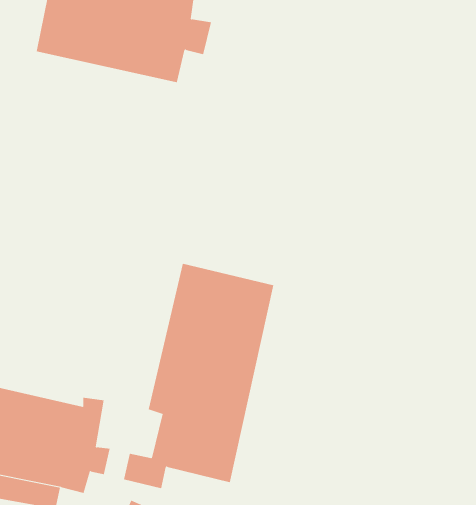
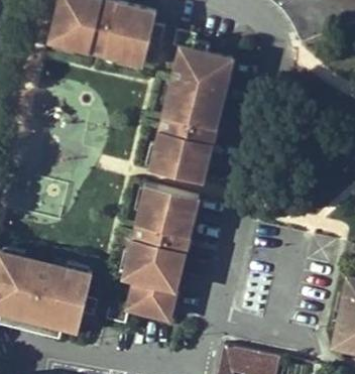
building: none -> [143,29,231,179]

